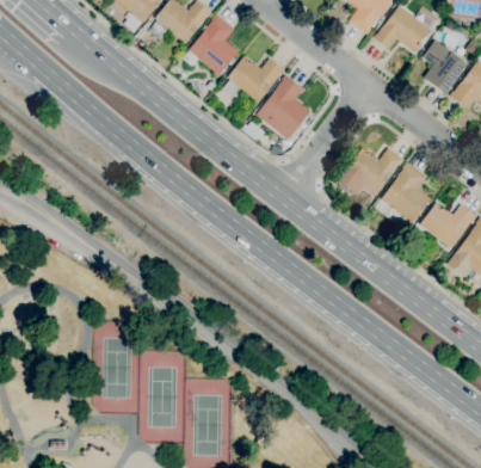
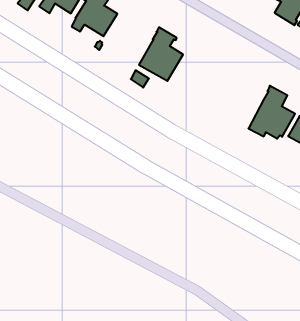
building: [223,55,284,101] -> none
building: [338,146,403,197] -> none

